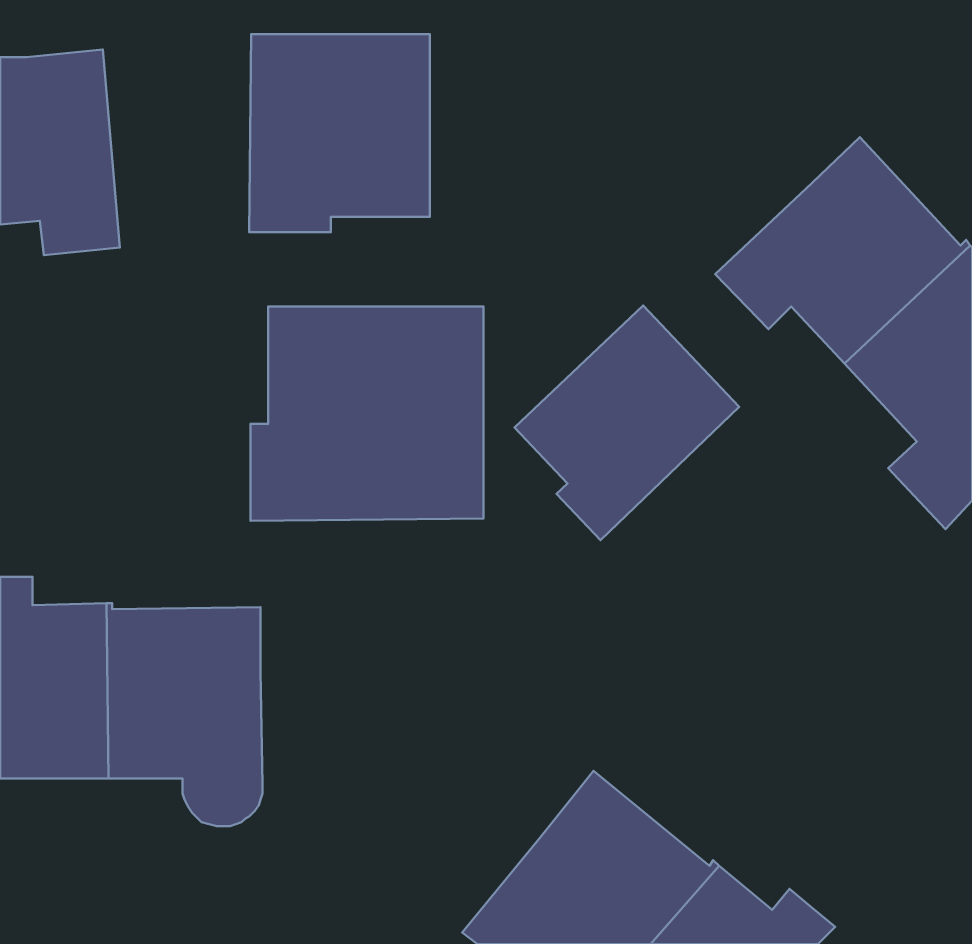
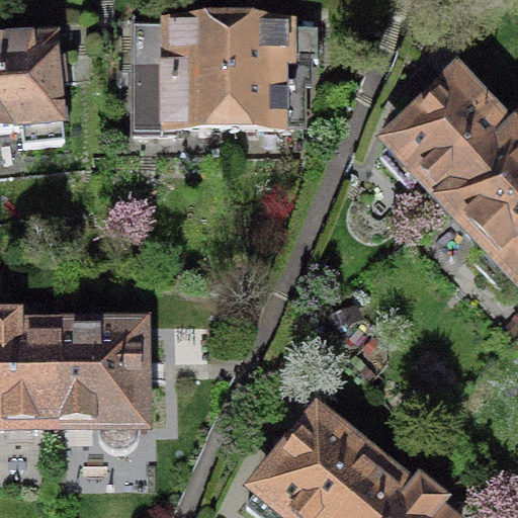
building: none -> [229,17,318,115]
building: [514,305,739,540] -> none
building: [250,307,483,521] -> none

